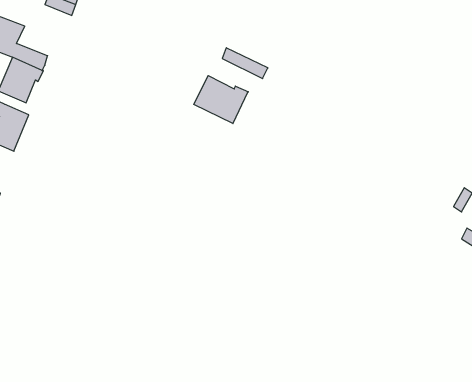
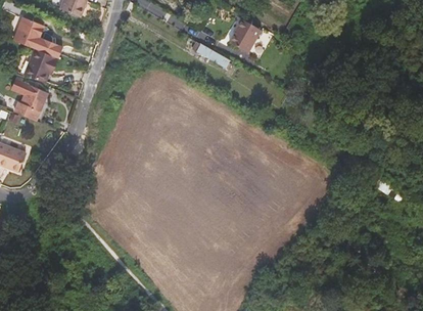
building: none -> [229,17,261,52]
building: [194,76,248,124] -> none

